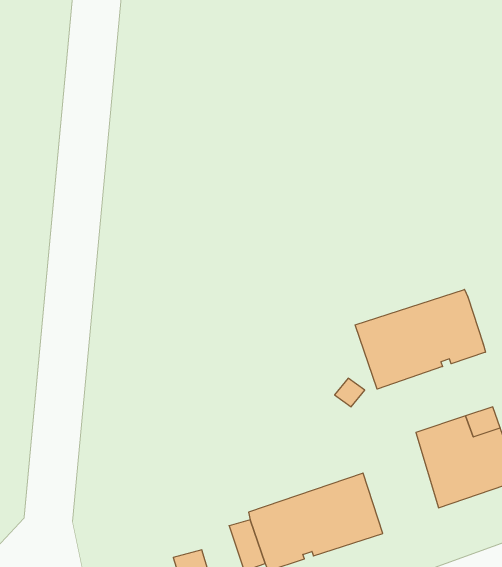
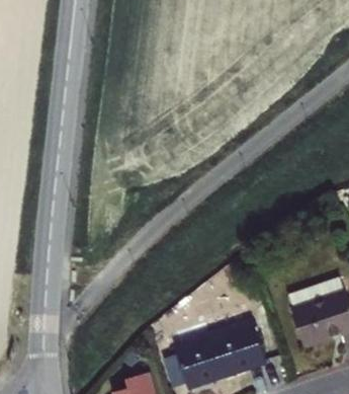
building: [355,289,485,389] -> none

